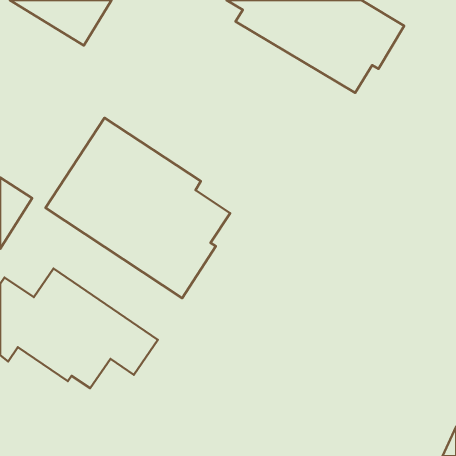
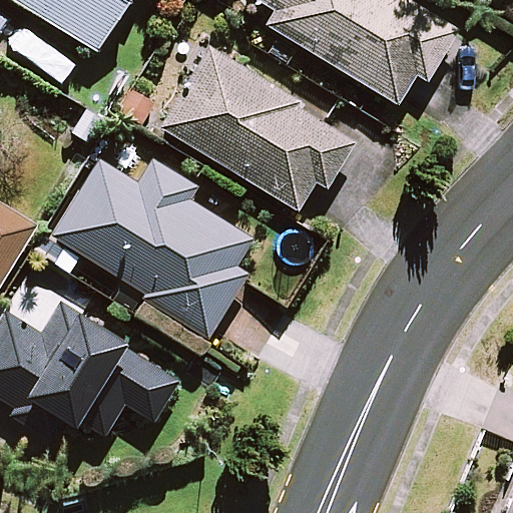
building: none -> [160,49,353,209]

